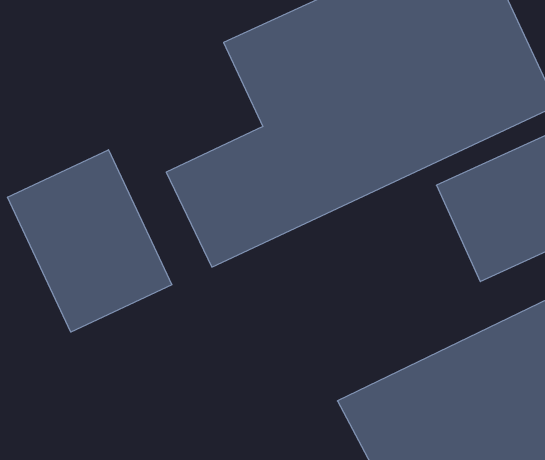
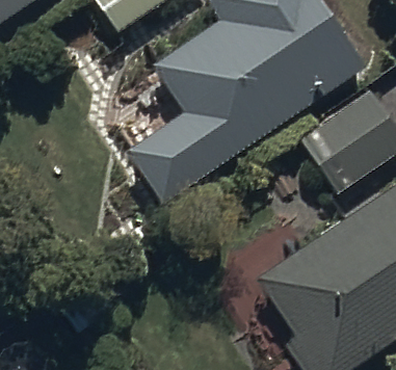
building: [8,150,172,332] -> none

